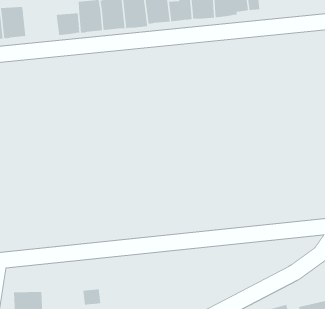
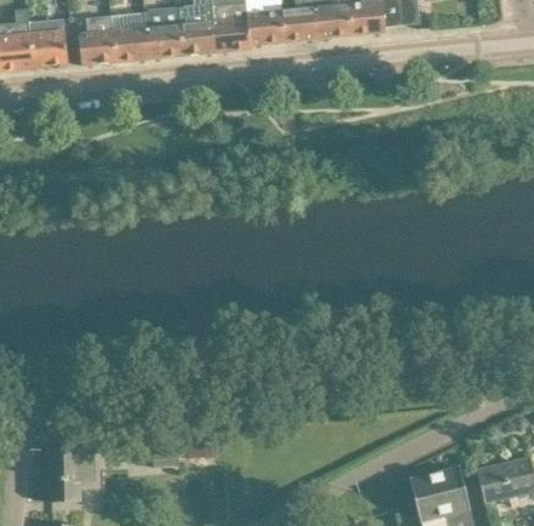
building: none -> [80,15,117,64]

